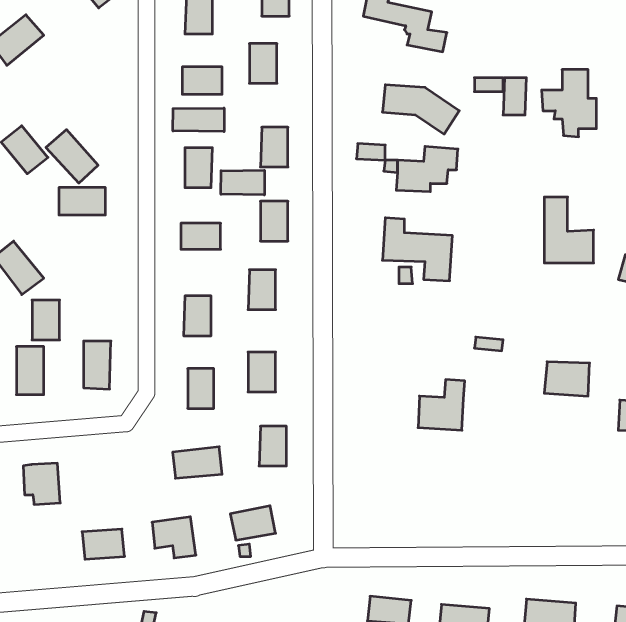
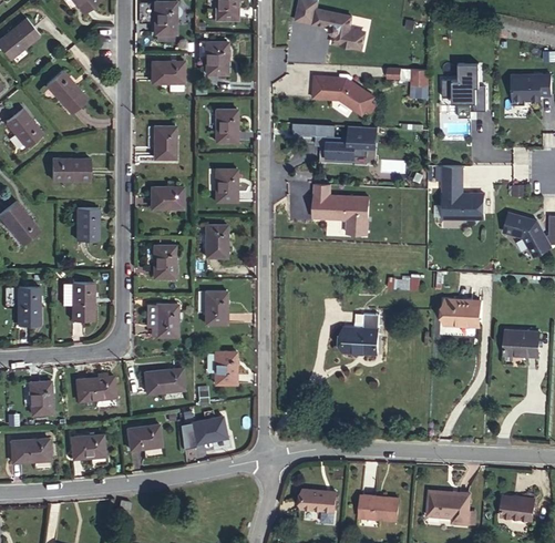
building: [173,108,224,132] -> none
building: [46,130,98,183] -> [45,71,88,114]
building: [221,170,264,195] -> none
building: [32,300,60,340] -> [76,208,99,240]
building: none -> [75,376,116,401]
building: none -> [11,439,50,462]

